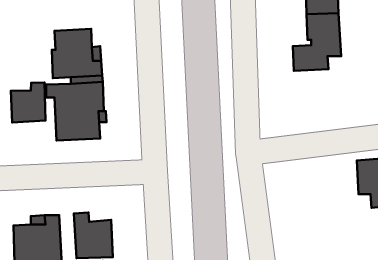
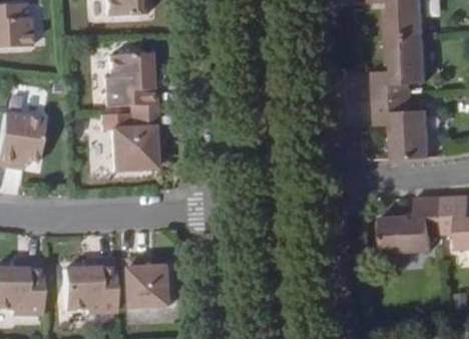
building: none -> [372,96,428,159]
building: [11,82,45,123] -> none
building: none -> [382,197,443,253]

